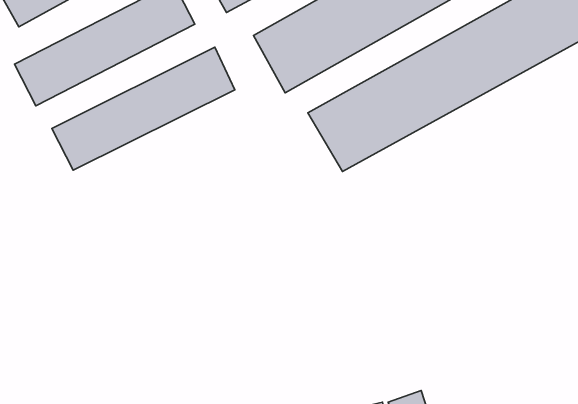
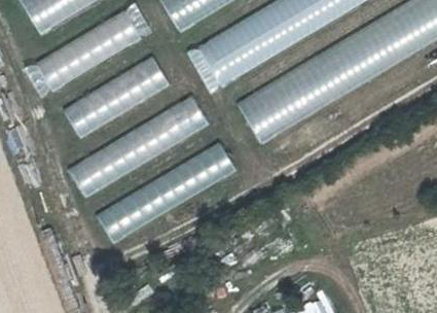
building: none -> [67,101,211,190]
building: none -> [95,145,239,238]

